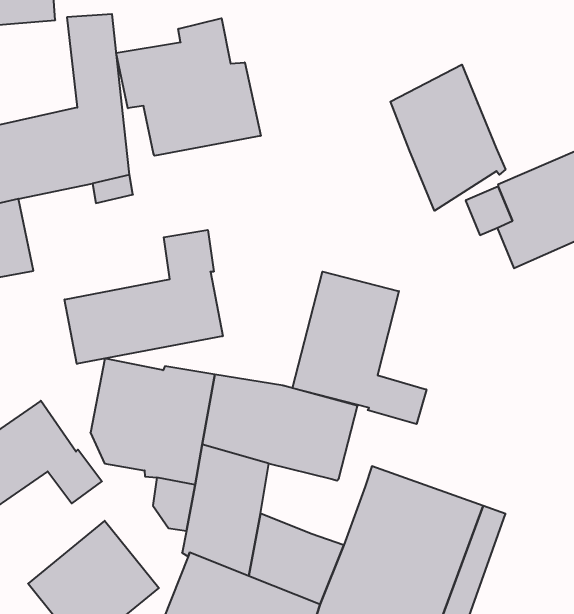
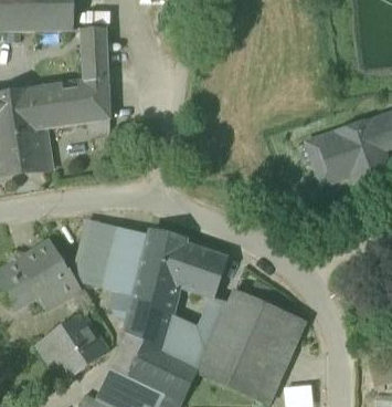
building: [116,18,261,156] -> none
building: [390,65,505,211] -> none
building: [65,230,223,364] -> none
building: [293,272,426,424] -> none
building: none -> [197,296,229,334]

